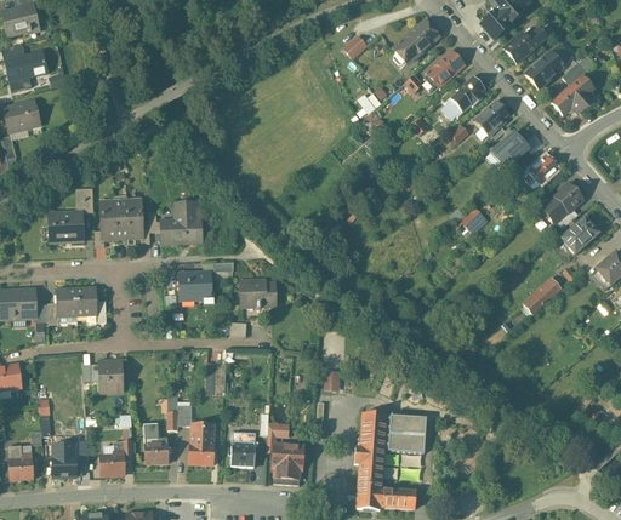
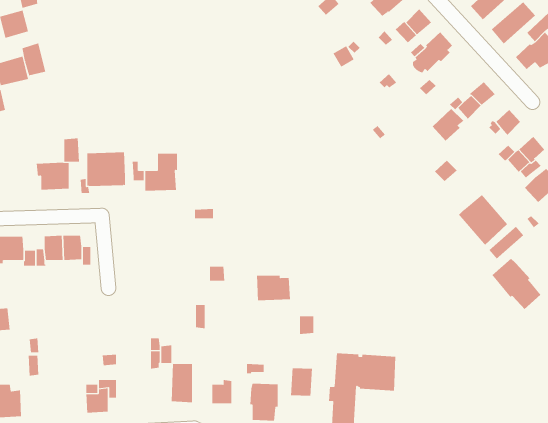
building: none -> [22,43,46,76]
building: [474,102,508,137] -> [432,108,464,142]
building: none -> [458,194,508,246]
building: [178,272,207,299] -> none
building: [239,280,275,307] -> [256,275,291,301]
building: none -> [492,258,541,310]
building: [98,359,123,390] -> none
building: [143,422,172,463] -> none
building: none -> [291,368,312,396]
building: [52,444,75,476] -> none

